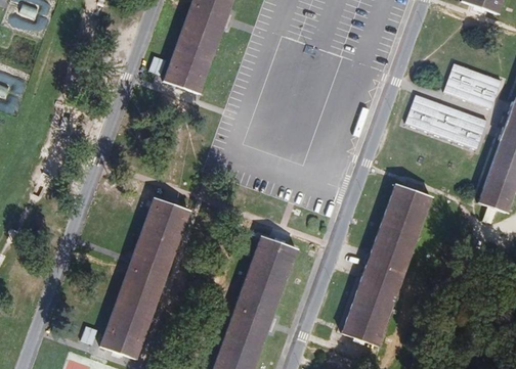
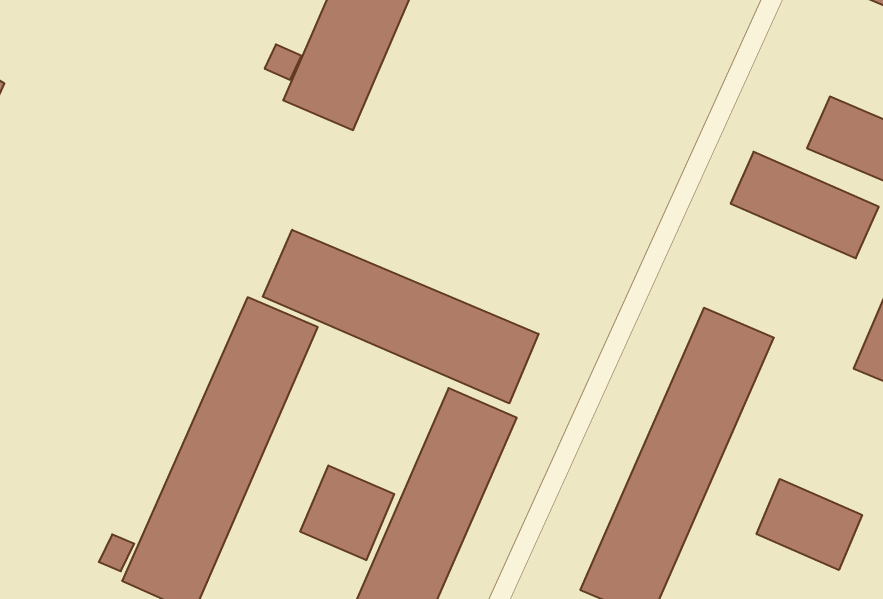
building: none -> [263,230,539,403]
building: none -> [757,479,862,570]
building: none -> [300,465,394,560]

